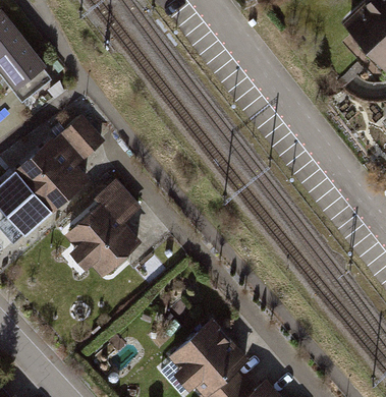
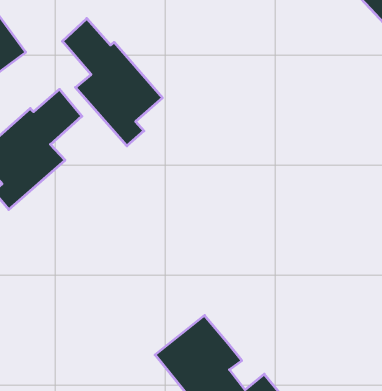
building: none -> [62,18,162,146]
building: [64,179,143,279] -> none

